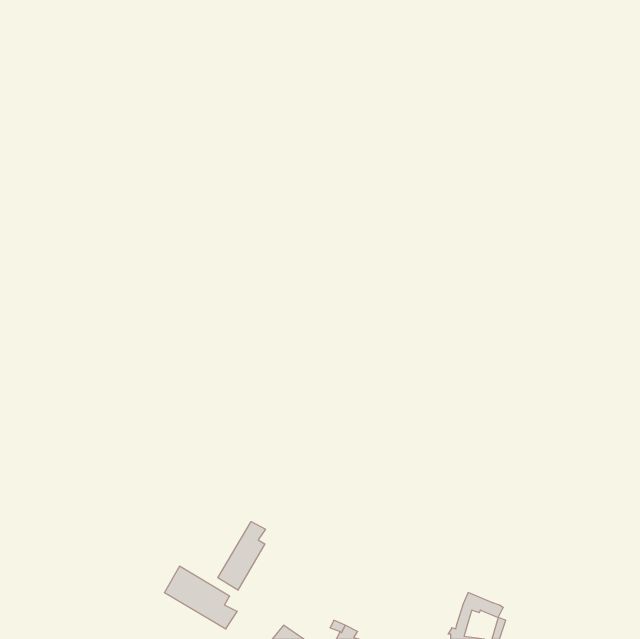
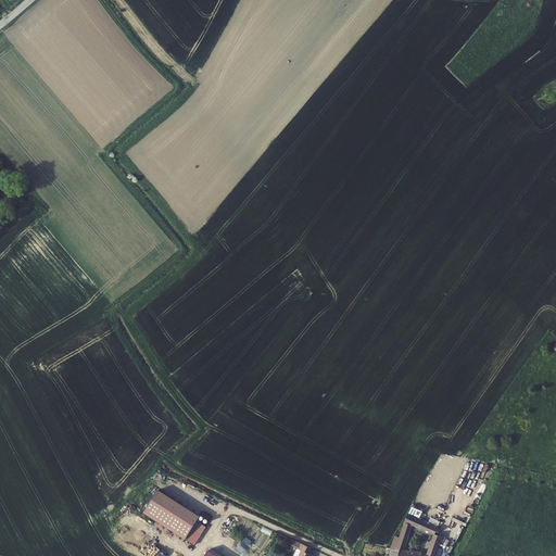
building: [218,522,265,590] -> none

